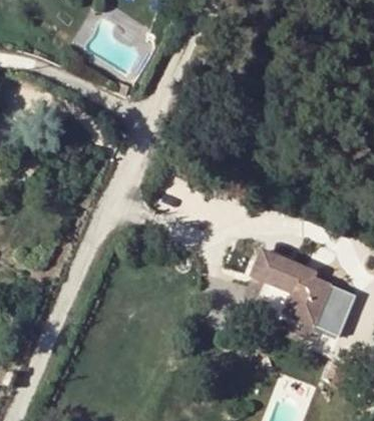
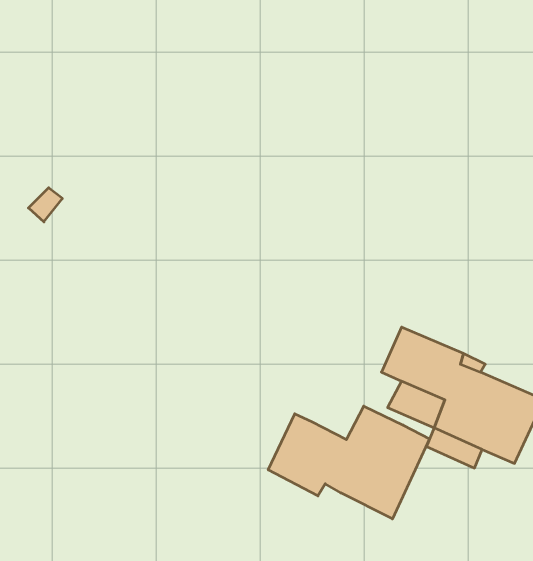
building: none -> [268,406,430,519]

